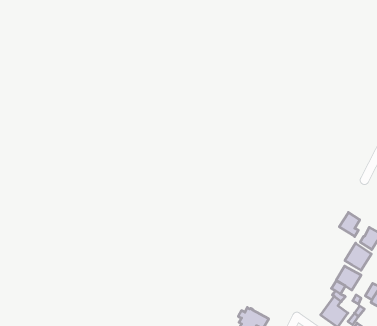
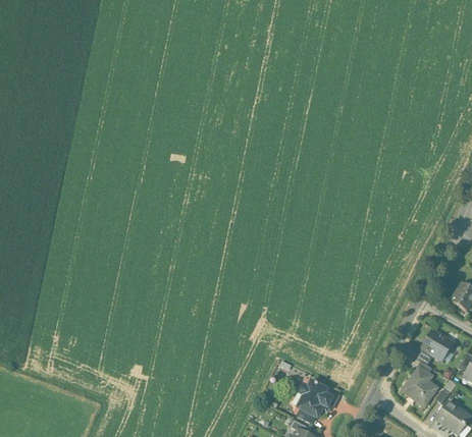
building: [339,212,360,237] -> none
building: [345,243,371,270] -> none

